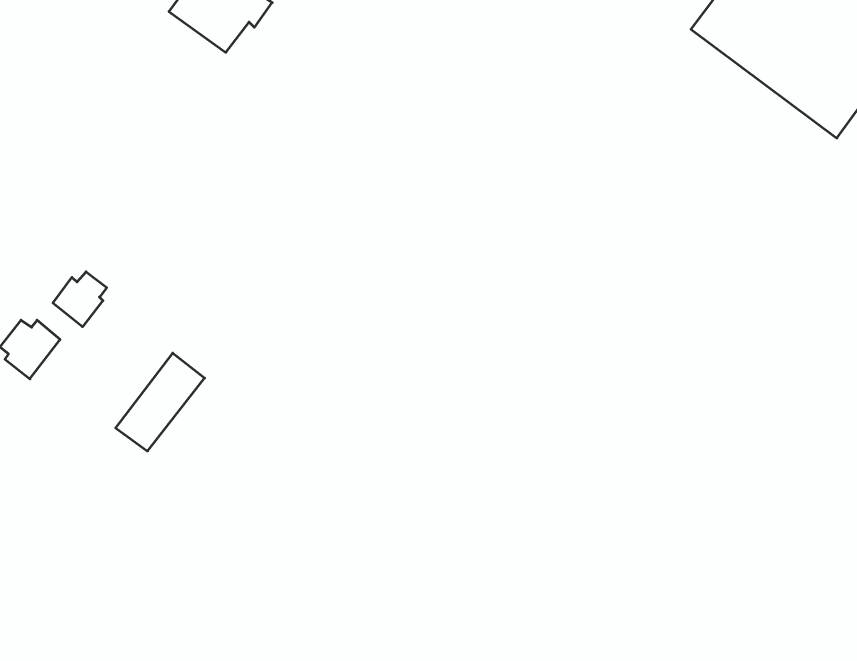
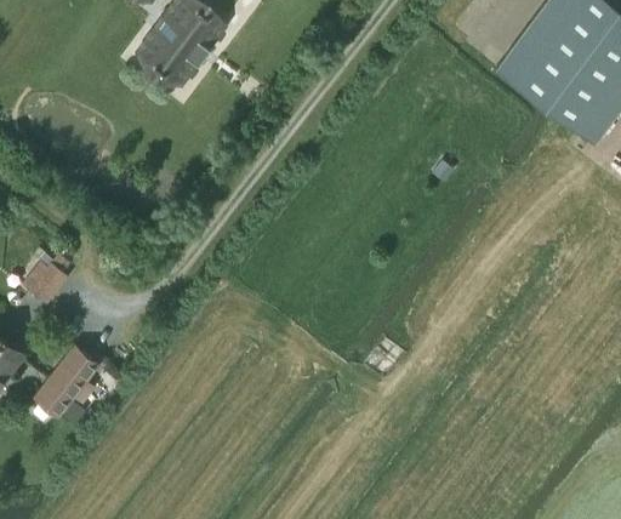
building: [53,272,107,327] -> none
building: [116,353,205,451] -> [35,352,96,418]

